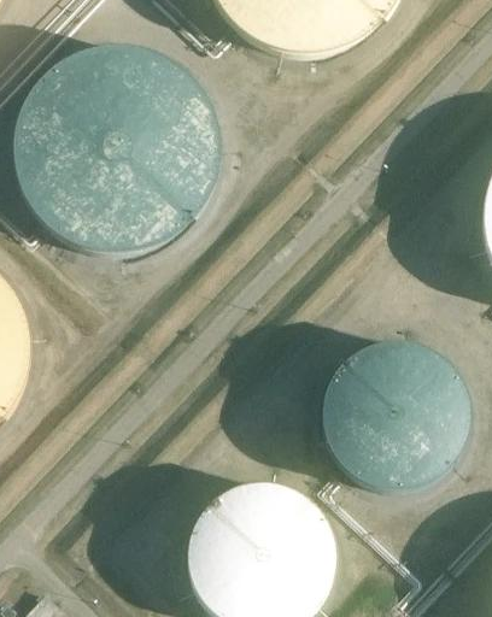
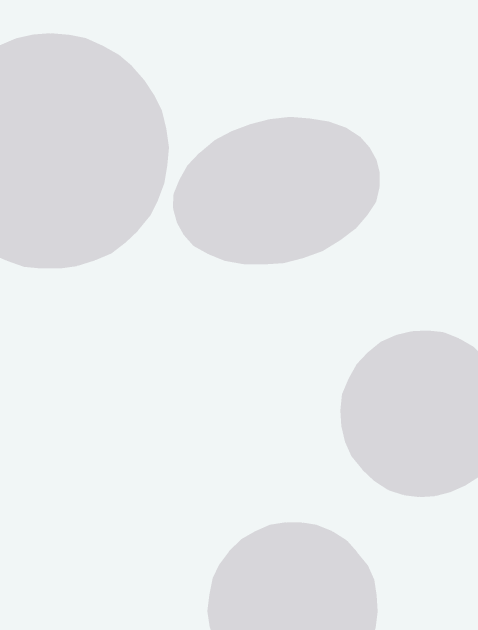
building: none -> [173,116,380,265]

